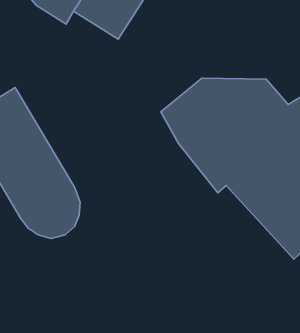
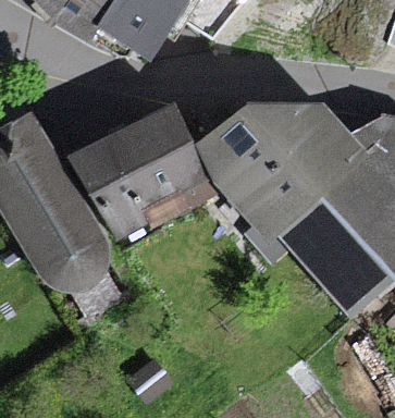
building: none -> [74,107,210,236]

